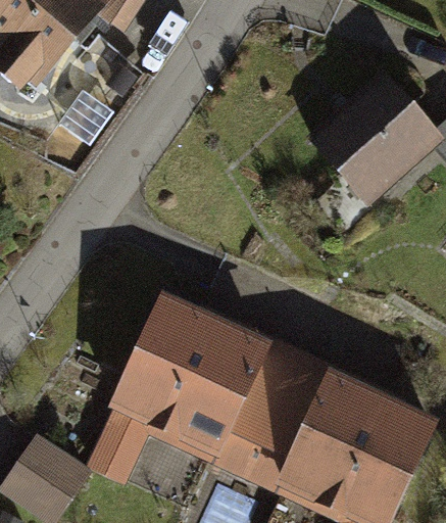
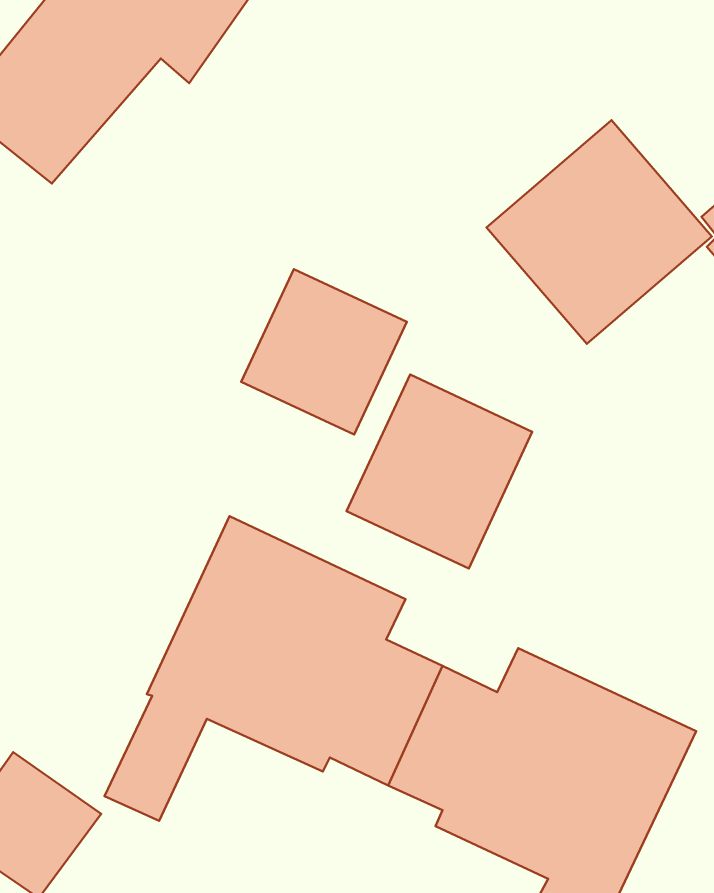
building: none -> [241,269,407,434]
building: none -> [347,375,532,568]

